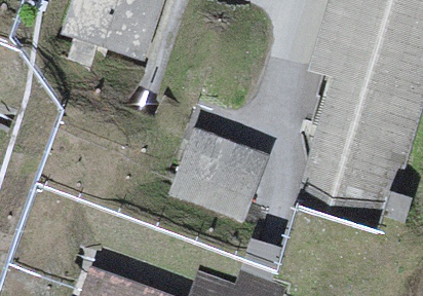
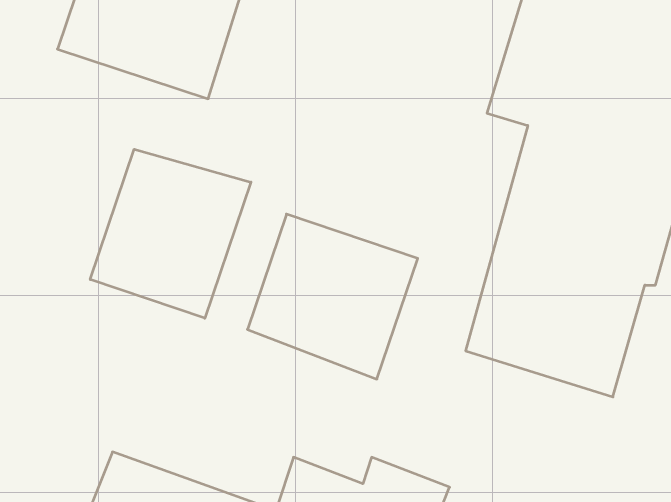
building: none -> [90,149,251,318]

